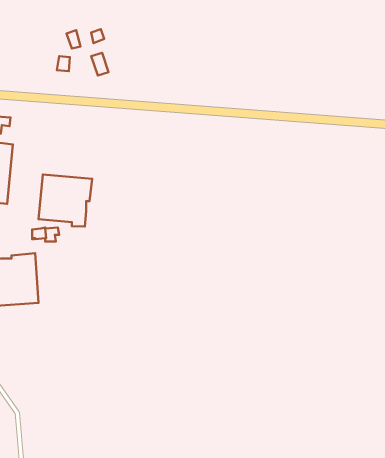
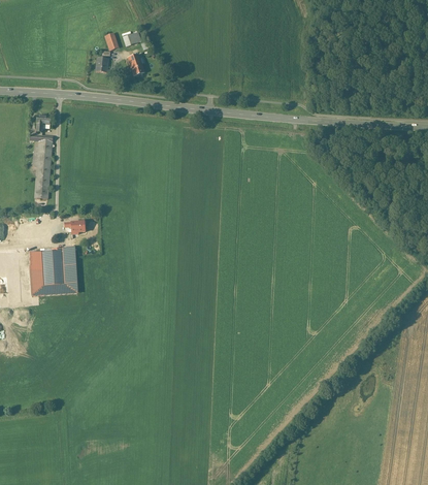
building: [39,175,92,227] -> none

